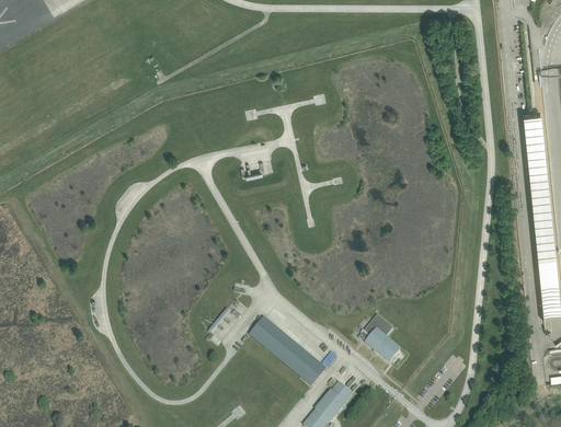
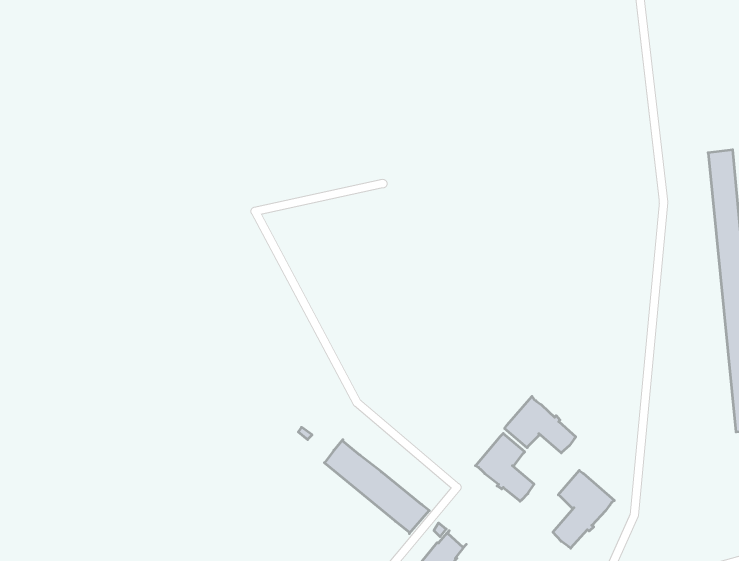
building: none -> [505,396,576,453]
building: none -> [553,470,614,548]

